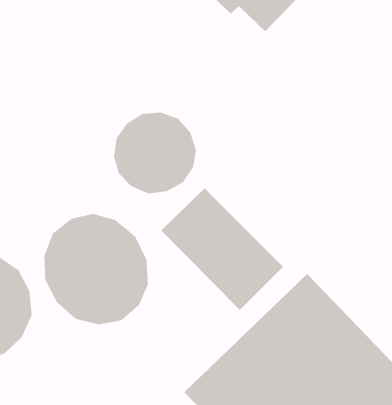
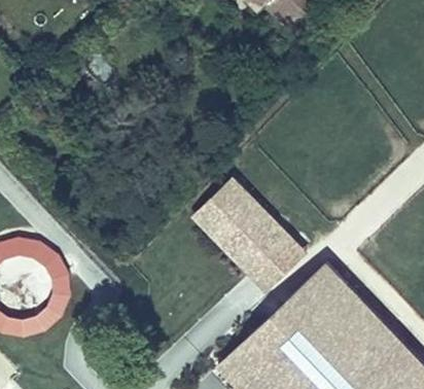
building: [114,112,196,194] -> none
building: [44,213,148,325] -> none

